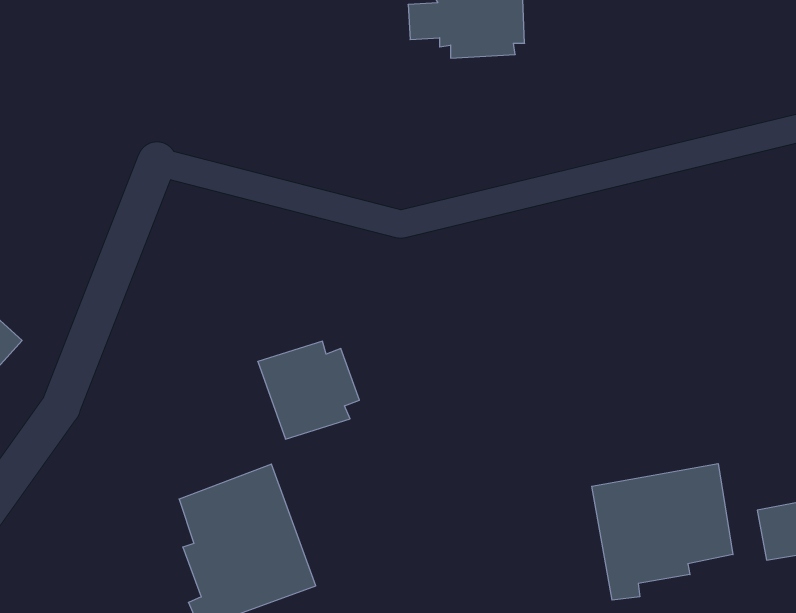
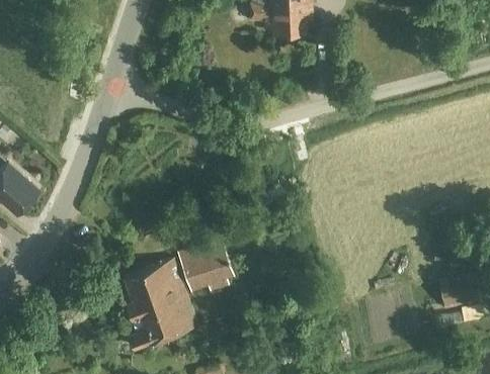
building: [258,341,359,439] -> [179,244,235,297]
building: [592,464,733,600] -> none

